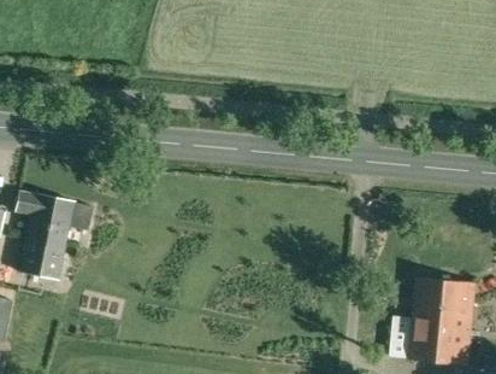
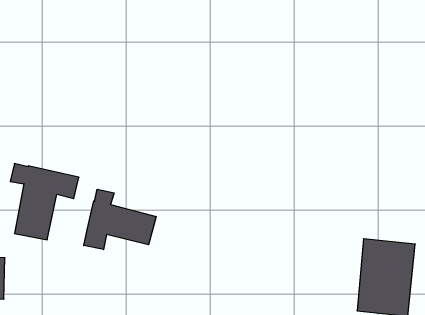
building: none -> [84,189,156,250]

